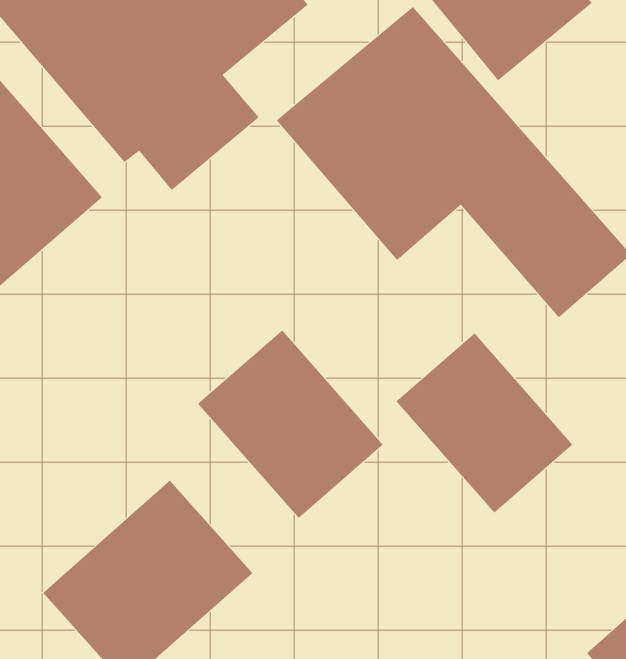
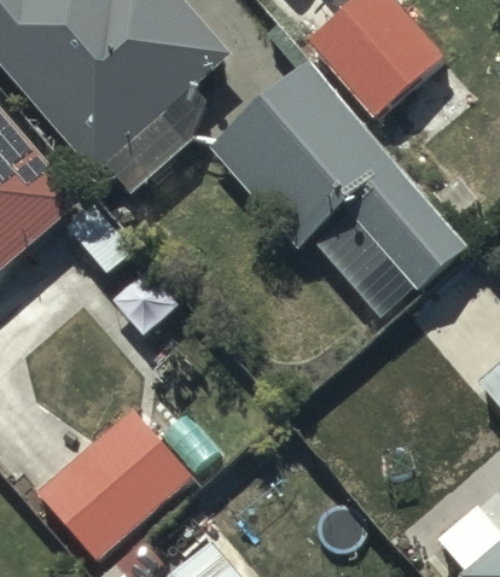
building: [197,329,384,519] -> none
building: [396,333,573,513] -> none

